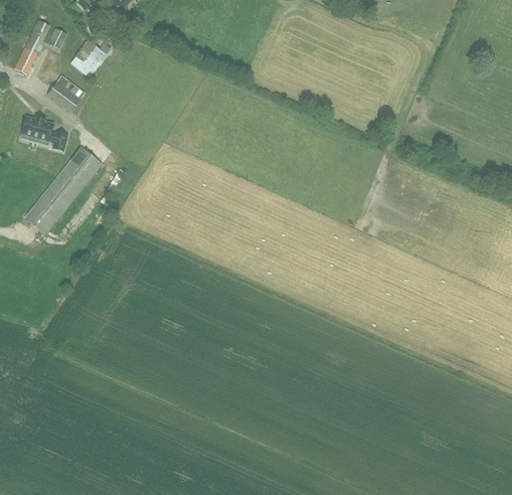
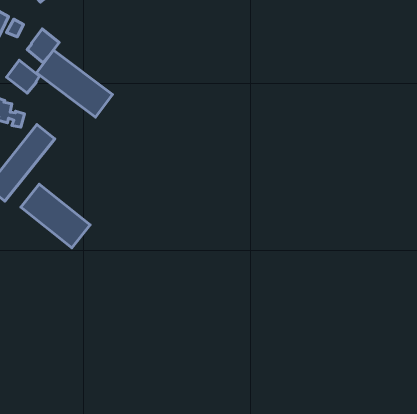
building: none -> [37,50,112,117]
building: none -> [21,184,90,248]

